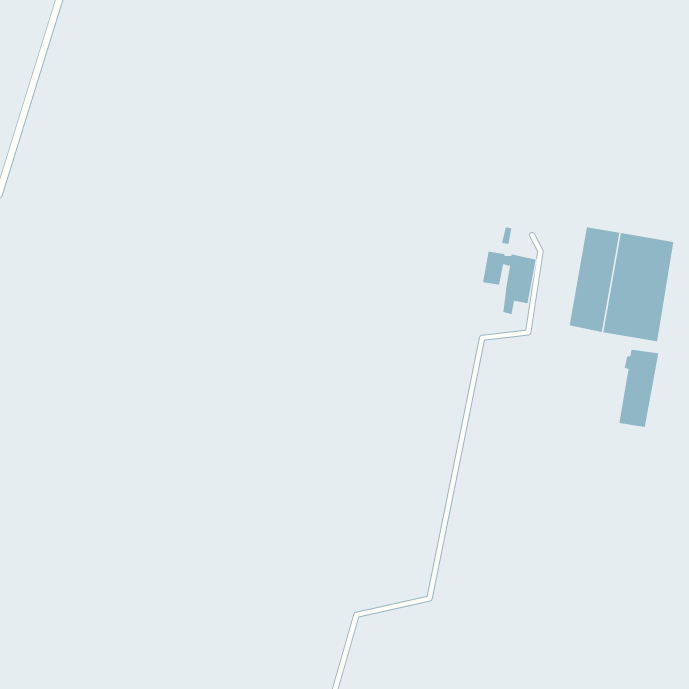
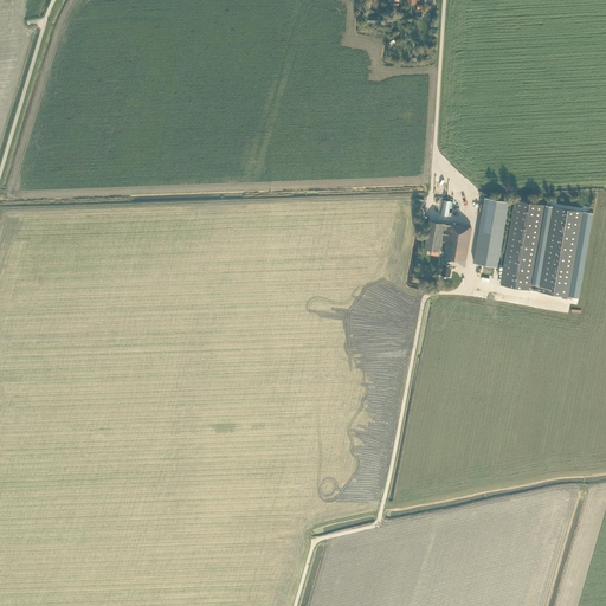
building: [619,349,659,427] -> [472,196,508,265]

